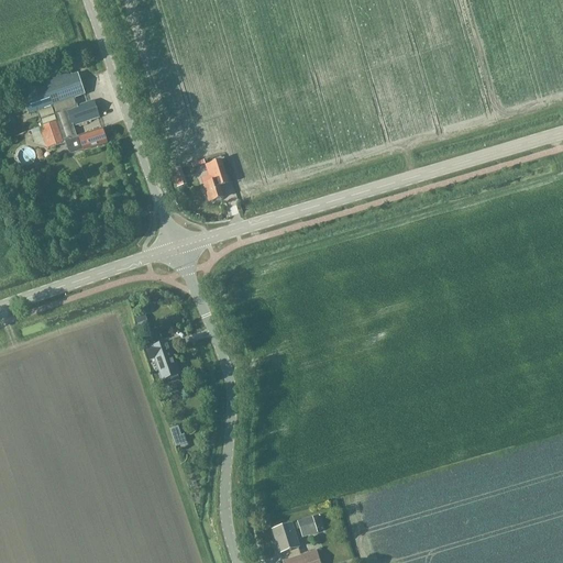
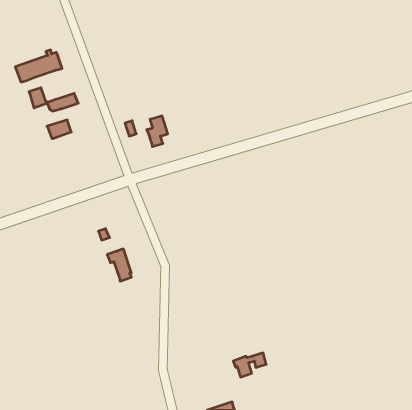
building: [66,99,99,124] -> [47,120,71,138]
building: [272,516,317,549] -> [233,353,266,377]

